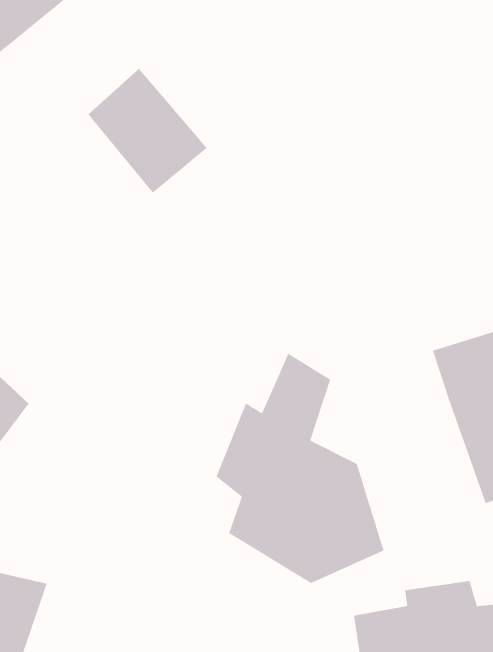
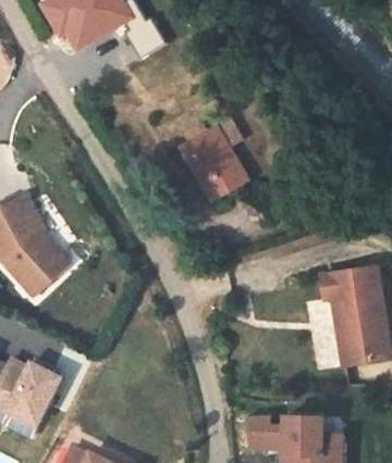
building: [88,68,208,193] -> [189,116,260,195]
building: [216,353,384,584] -> none

